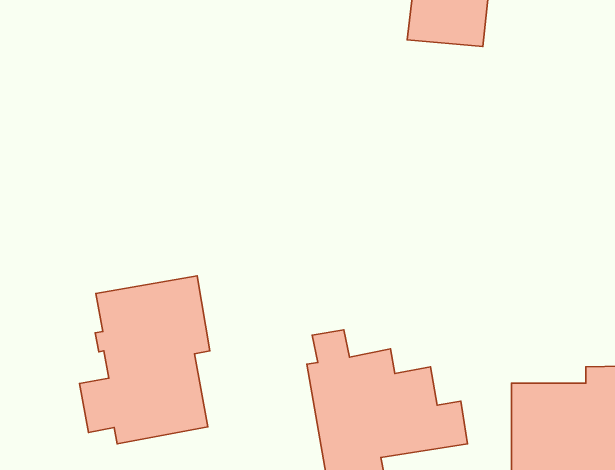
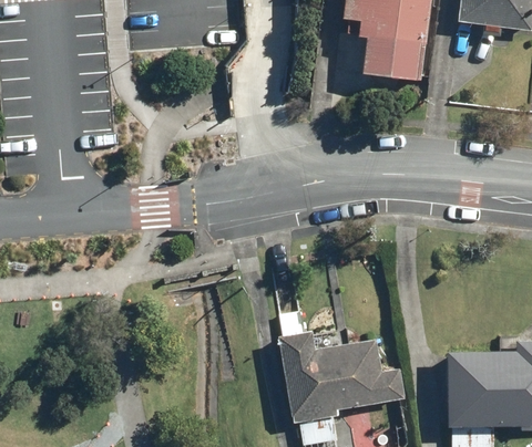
building: [79,276,210,444] -> none

